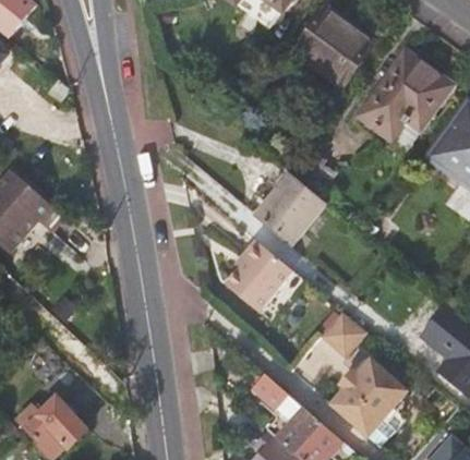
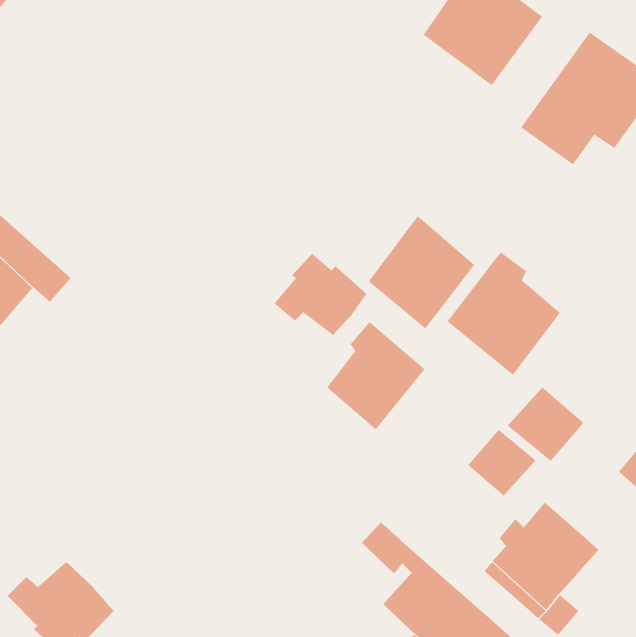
building: none -> [446,251,561,376]
building: none -> [273,253,367,336]
building: none -> [507,387,585,462]

